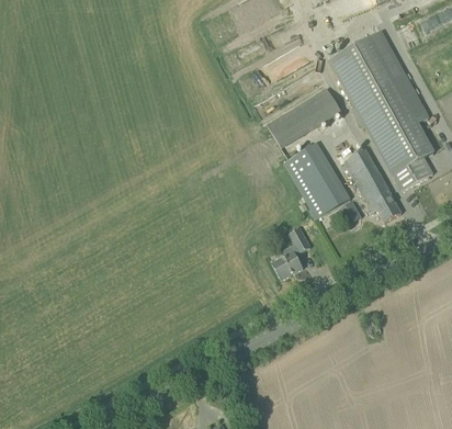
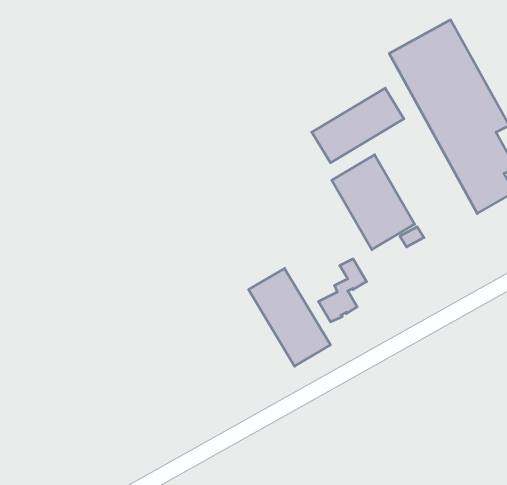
building: [344,147,402,222] -> none
building: none -> [249,268,330,366]

